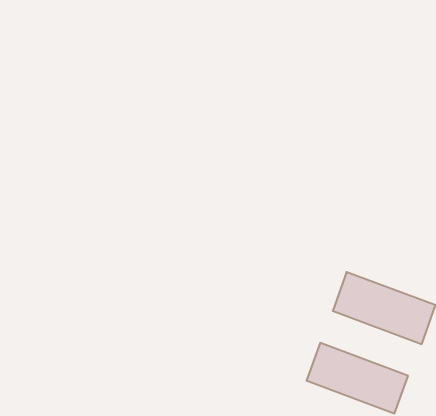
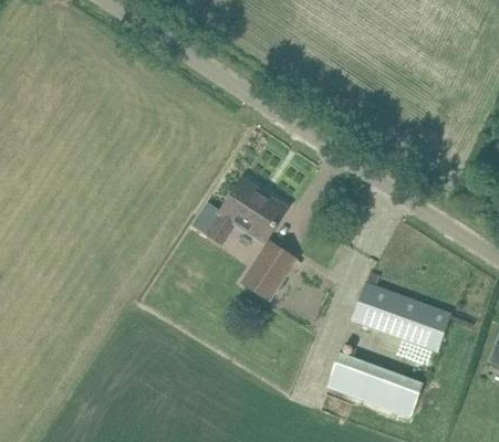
building: none -> [193,179,287,243]
building: none -> [241,242,301,302]

